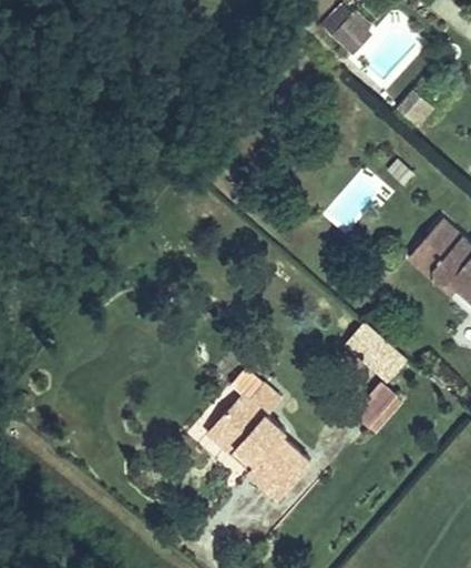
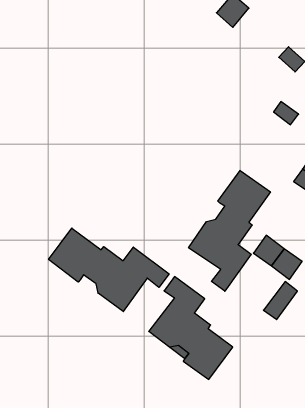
building: none -> [189,170,270,291]
building: none -> [49,228,169,312]

